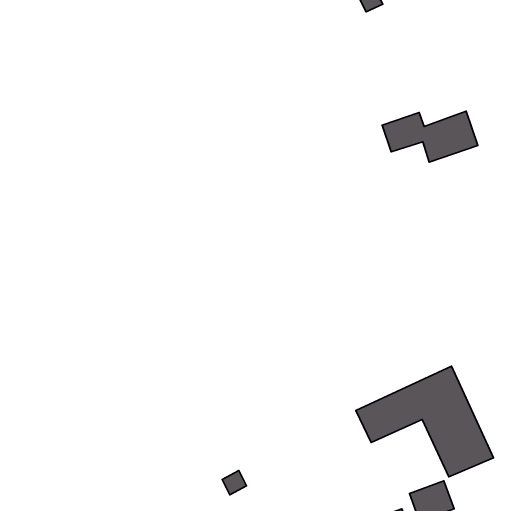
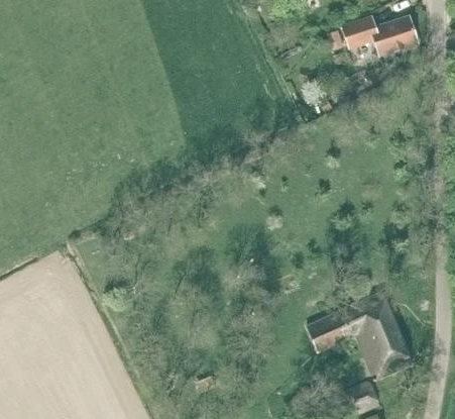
building: [382,111,478,162] -> [343,15,419,56]

